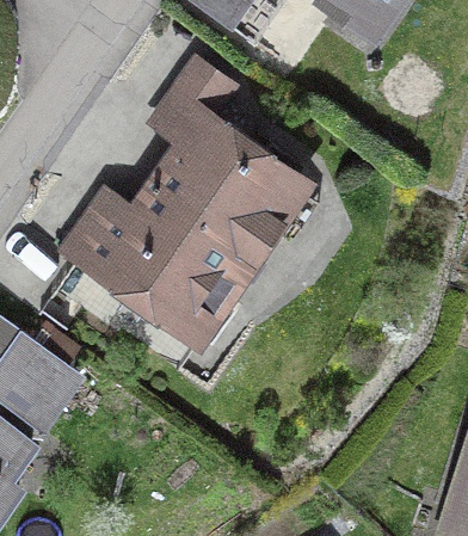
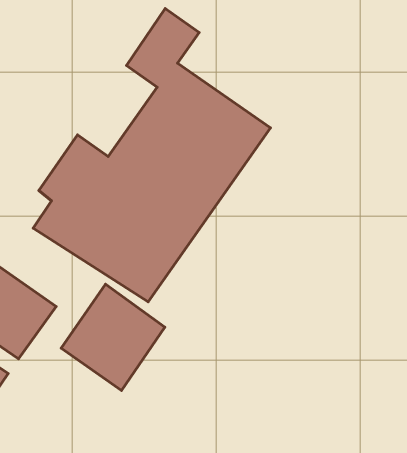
building: none -> [61,284,165,390]

